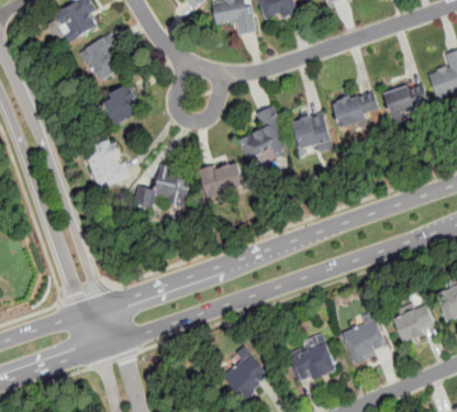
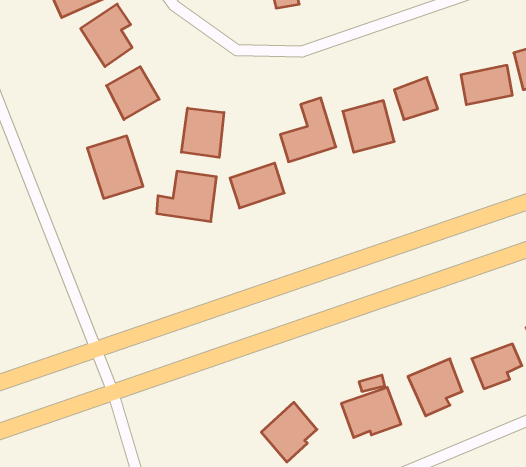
building: none -> [181,108,224,157]

